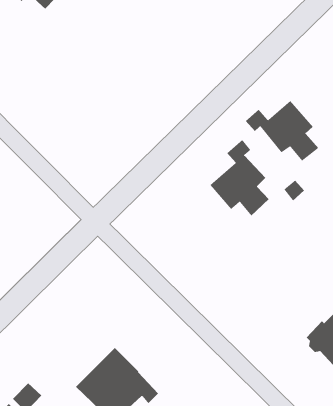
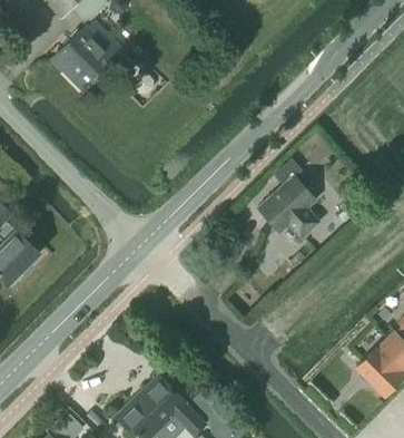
building: none -> [51,26,118,91]
building: [245,100,319,162] -> none

